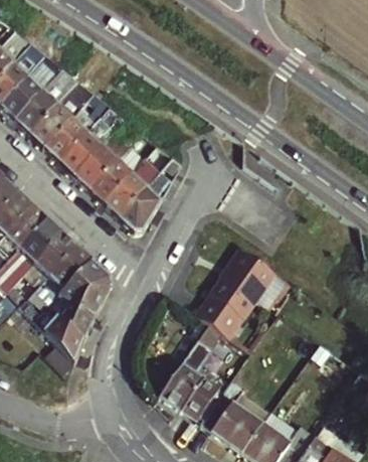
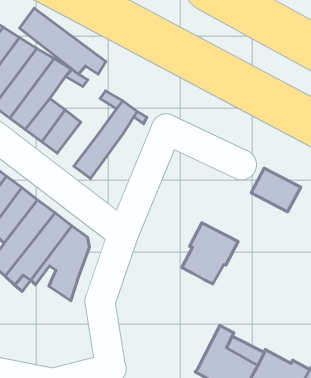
building: none -> [19,8,106,74]
building: [88,161,131,204] -> none
building: [119,177,168,232] -> none
building: [224,253,274,299] -> [251,168,301,212]
building: [45,314,84,362] -> none
building: [160,325,223,418] -> none

